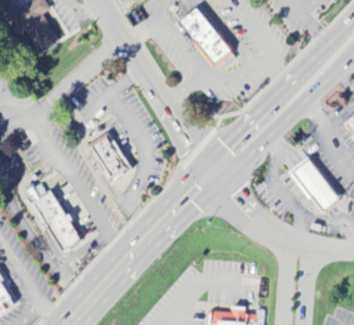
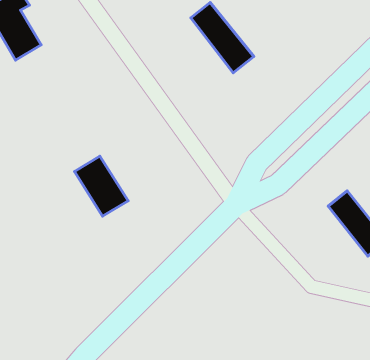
building: [33,189,82,250] -> none

